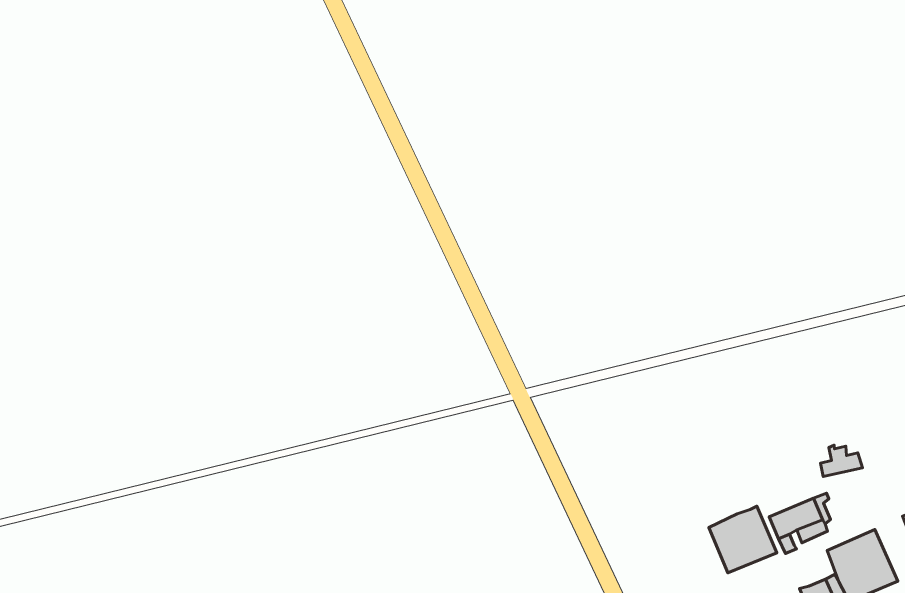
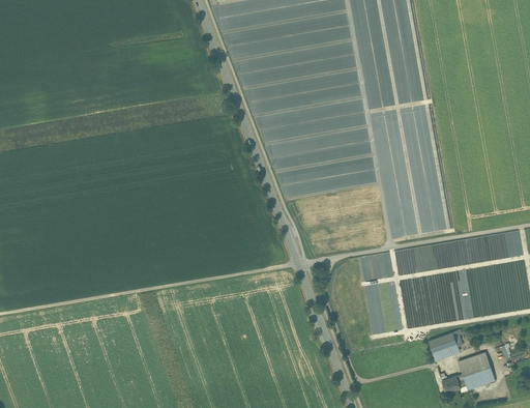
building: [709,506,777,573] -> none

